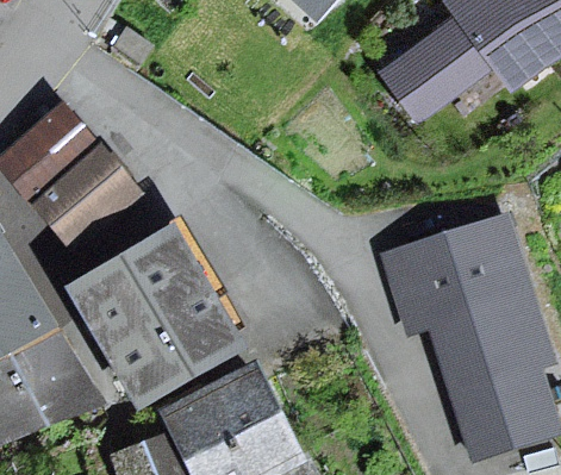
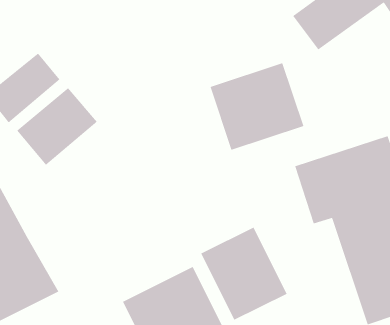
building: none -> [209,62,304,151]
building: [77,232,233,398] -> none
building: none -> [200,226,288,321]

